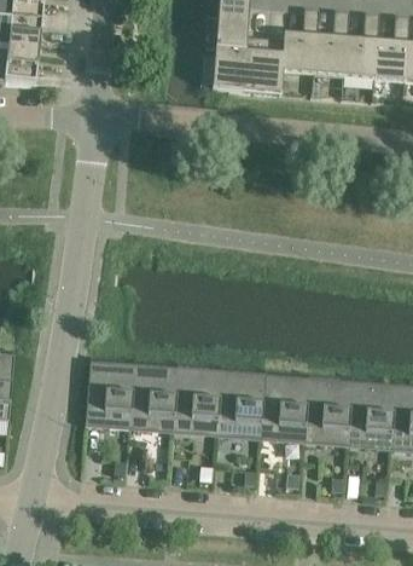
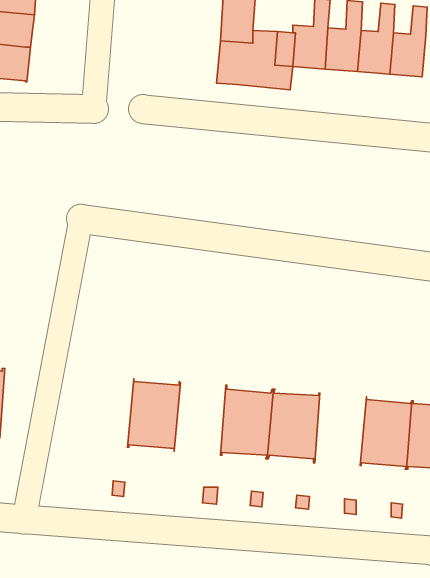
building: [85,360,134,428] -> none
building: [171,368,220,435] -> none
building: [303,377,351,445] -> none

